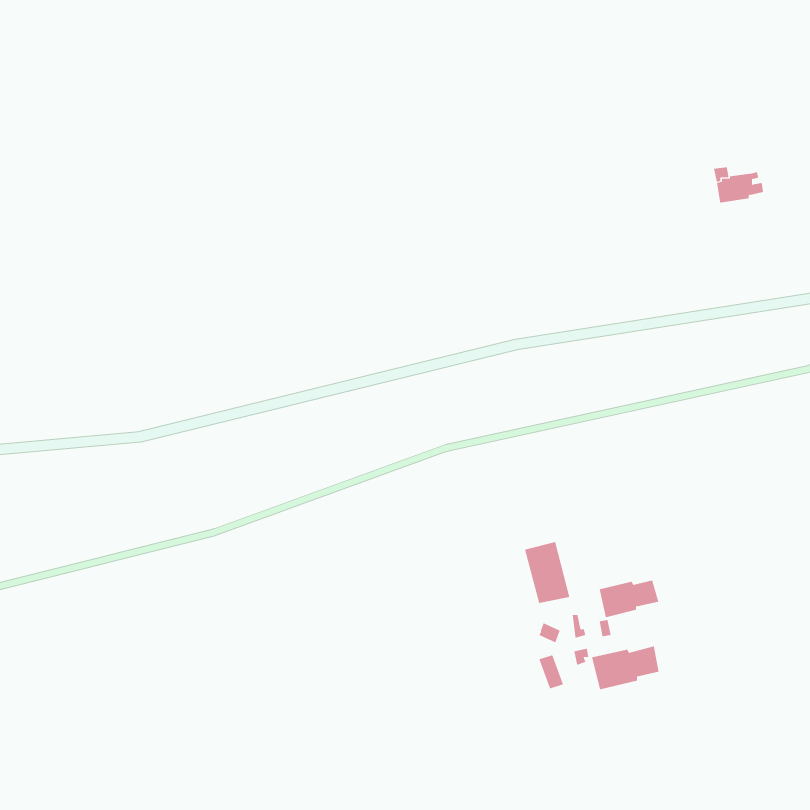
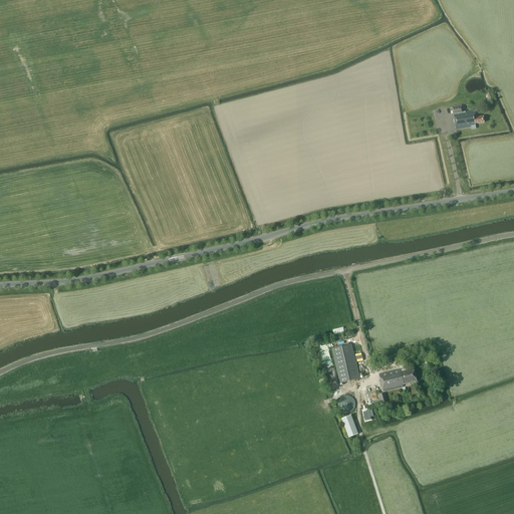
building: [591,646,659,690] -> none

